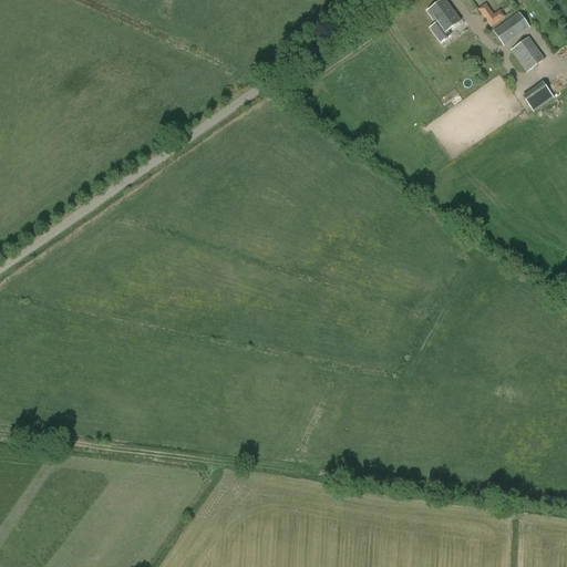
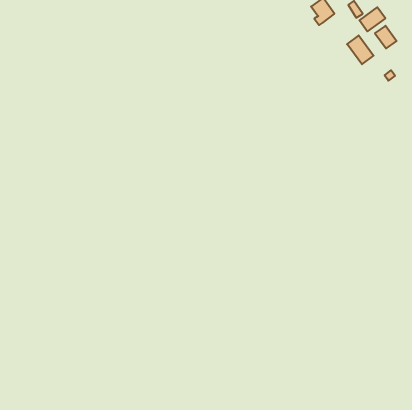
building: none -> [347,35,374,64]

